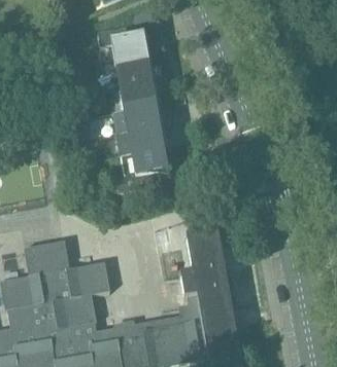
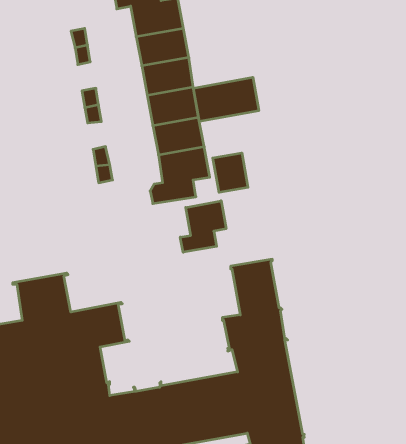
building: none -> [193,77,259,122]
building: none -> [213,153,248,192]
building: none -> [180,201,226,252]

